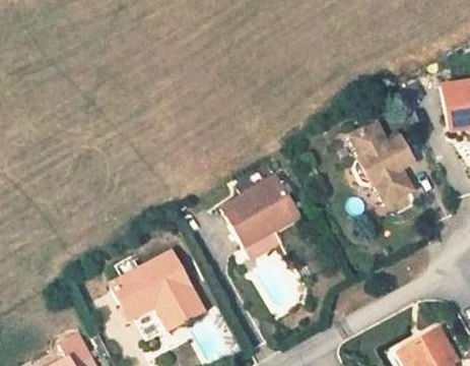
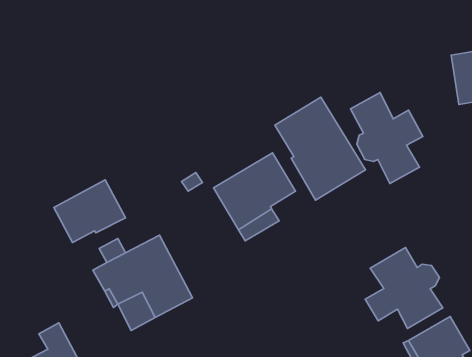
building: none -> [275,97,365,200]
building: none -> [54,180,125,243]
building: none -> [365,248,443,328]

